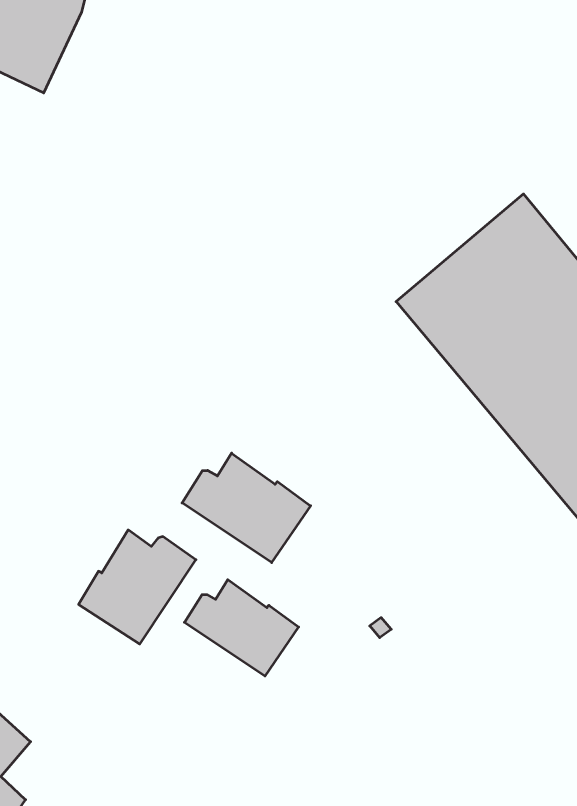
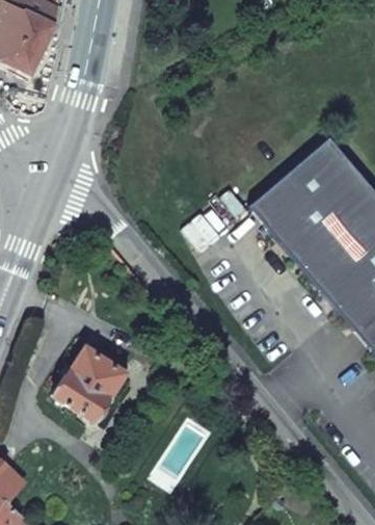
building: [182,453,311,563] -> none
building: [184,580,299,676] -> none

